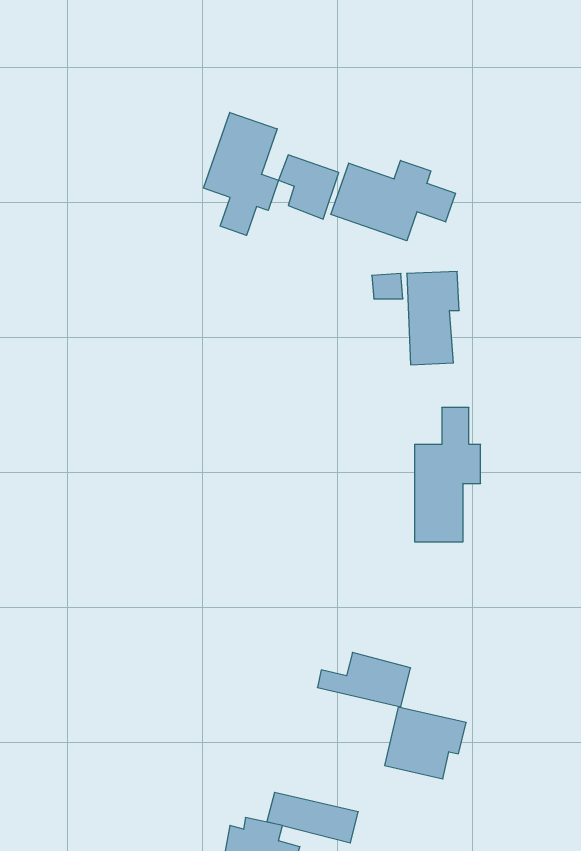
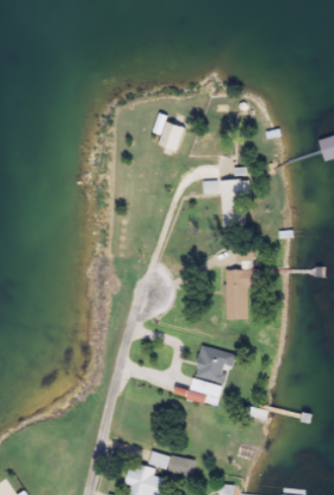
building: [203,112,279,235] -> none
building: [331,160,456,241] -> none
building: [385,707,466,779] -> [193,346,236,384]

